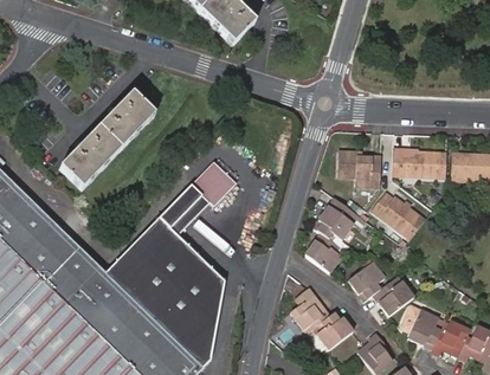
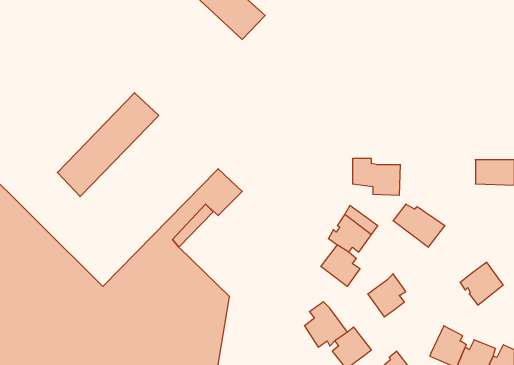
building: [393,153,440,179] -> none
building: [375,276,415,316] -> [460,262,503,305]

